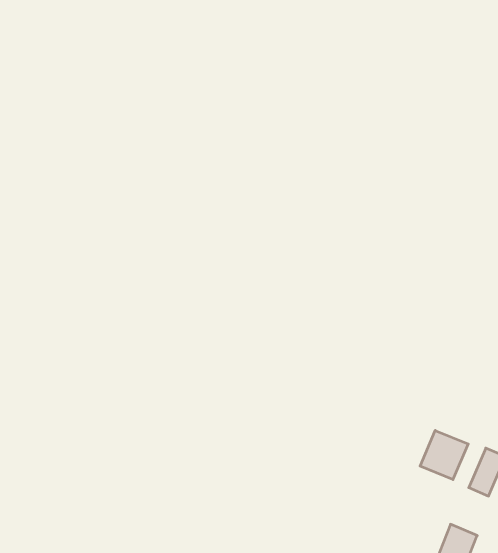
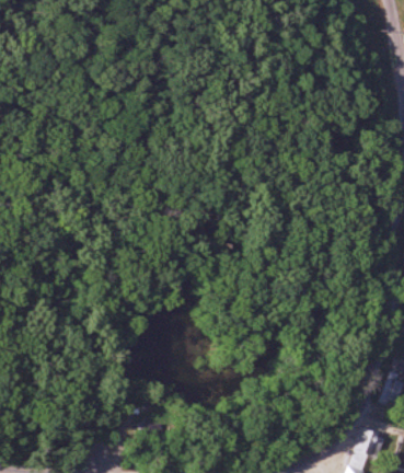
building: [420,430,468,480] -> none

